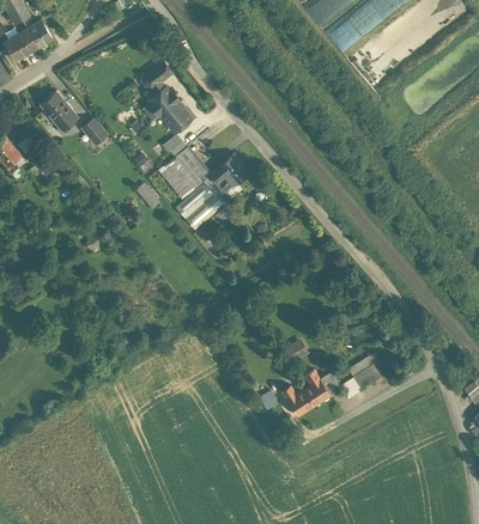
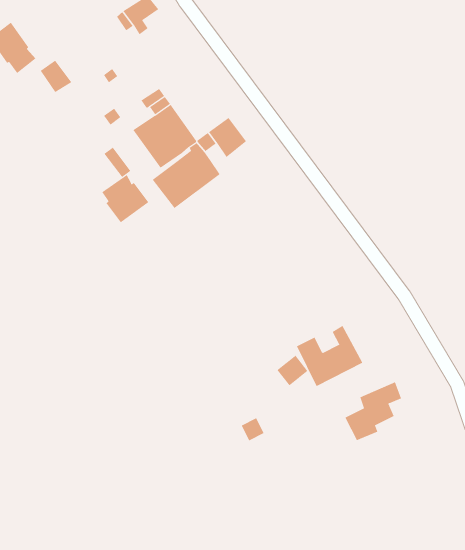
building: [148,86,192,132] -> none
building: none -> [101,174,149,223]
building: [281,370,335,420] -> [296,325,363,387]

